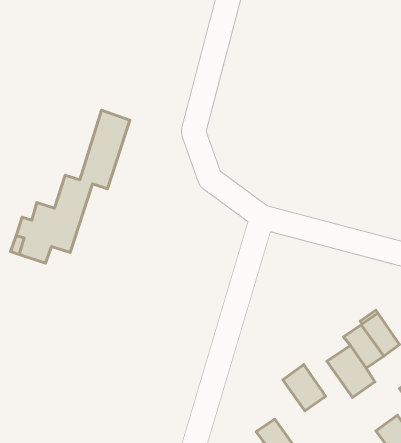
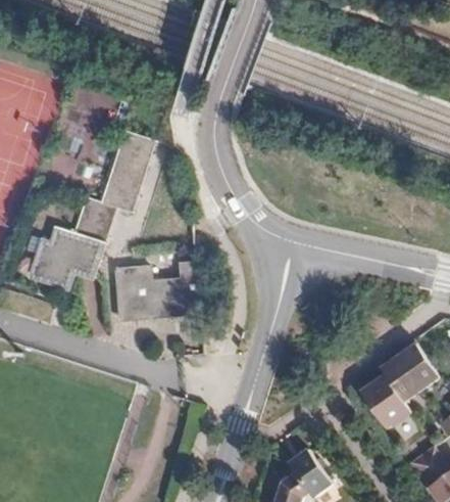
building: none -> [115,262,202,320]
building: [283,365,325,411] -> none

